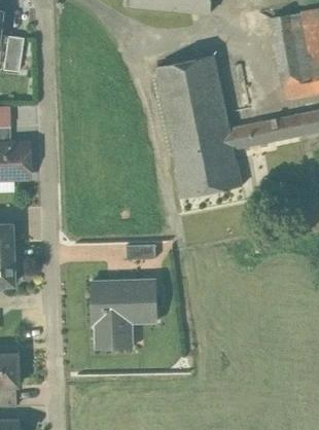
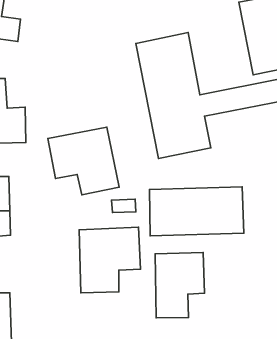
building: none -> [48,127,119,195]
building: none -> [149,187,244,236]
building: none -> [155,252,204,318]

